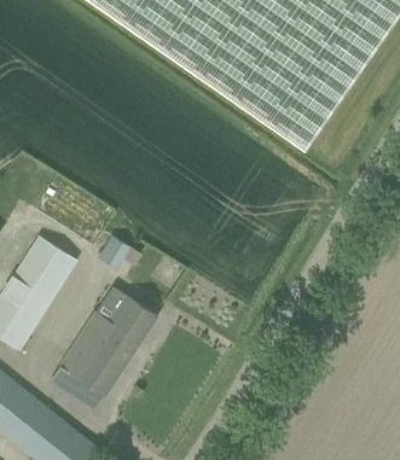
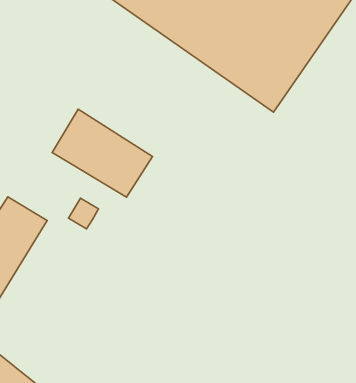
building: none -> [52,109,152,197]
building: [50,295,156,408] -> none

